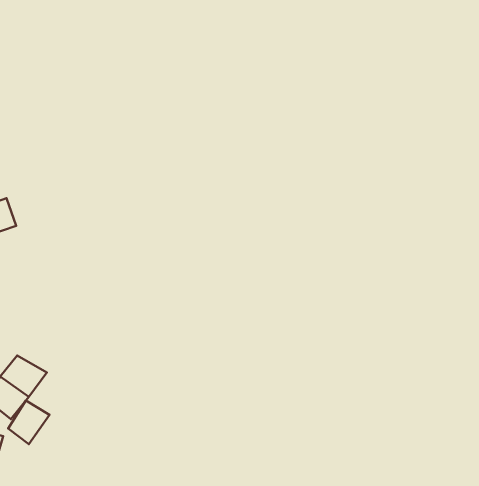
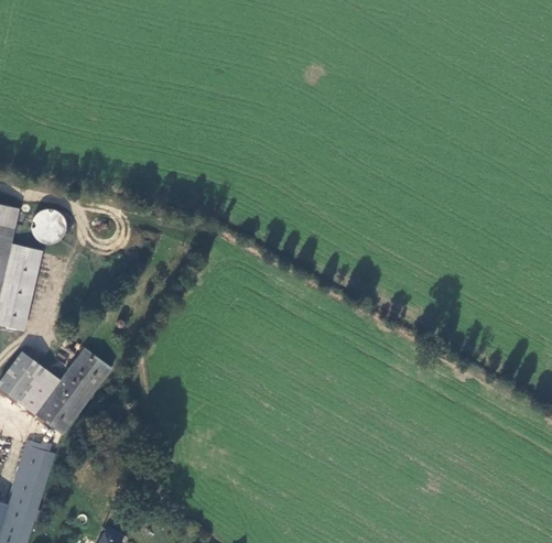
building: none -> [68,348,112,387]
building: [8,401,49,444] -> none

